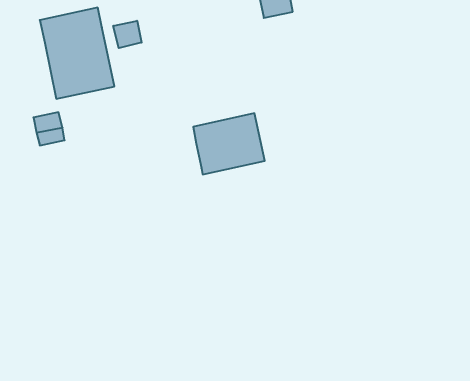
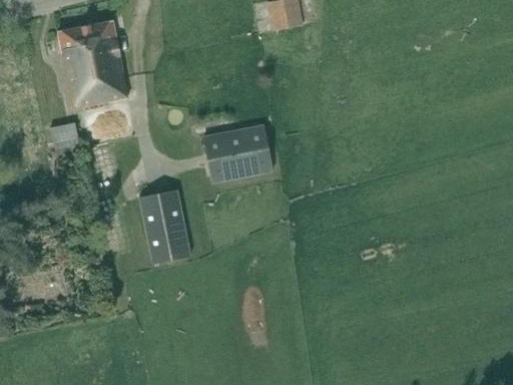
building: [113,21,142,48] -> none
building: none -> [140,189,190,264]

